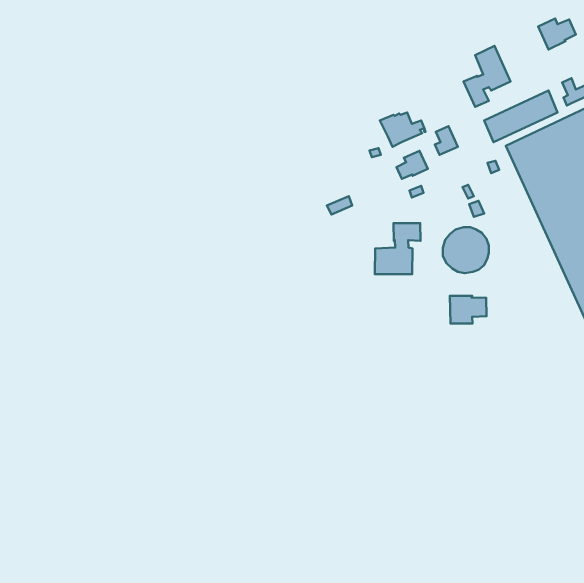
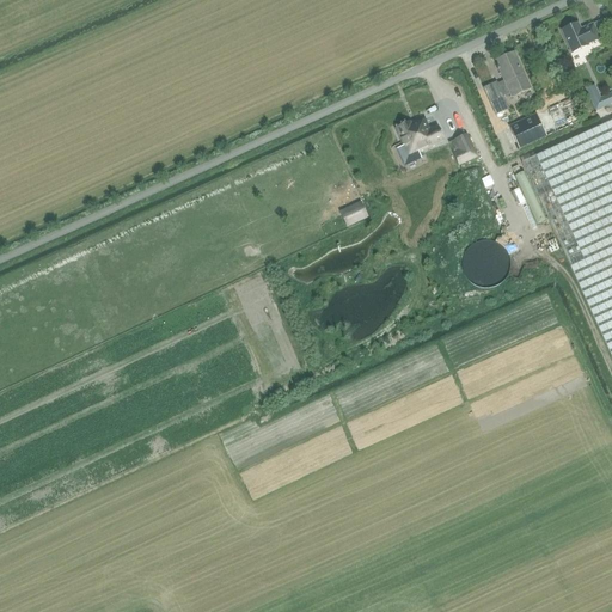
building: [396,151,428,179] -> none
building: [375,223,421,274] -> none
building: [450,296,486,324] -> none

